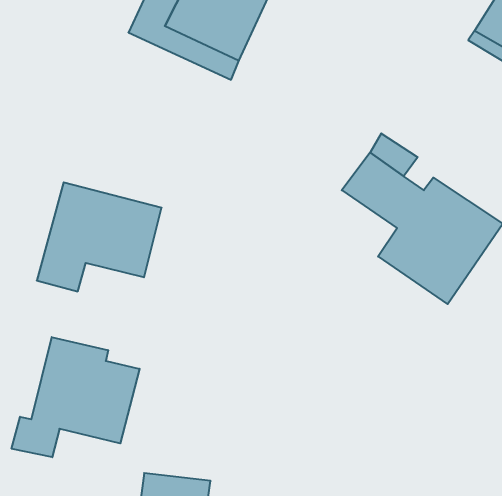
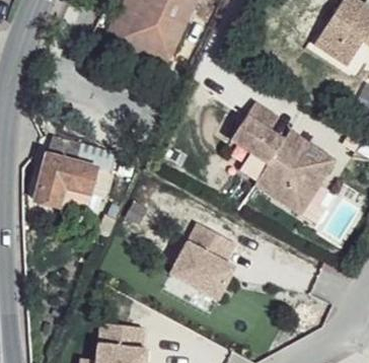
building: none -> [173,226,238,301]
building: [12,337,140,457] -> none

